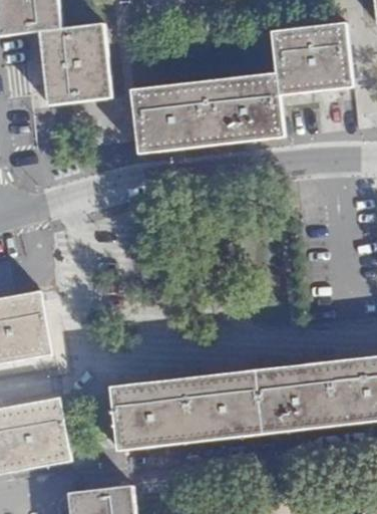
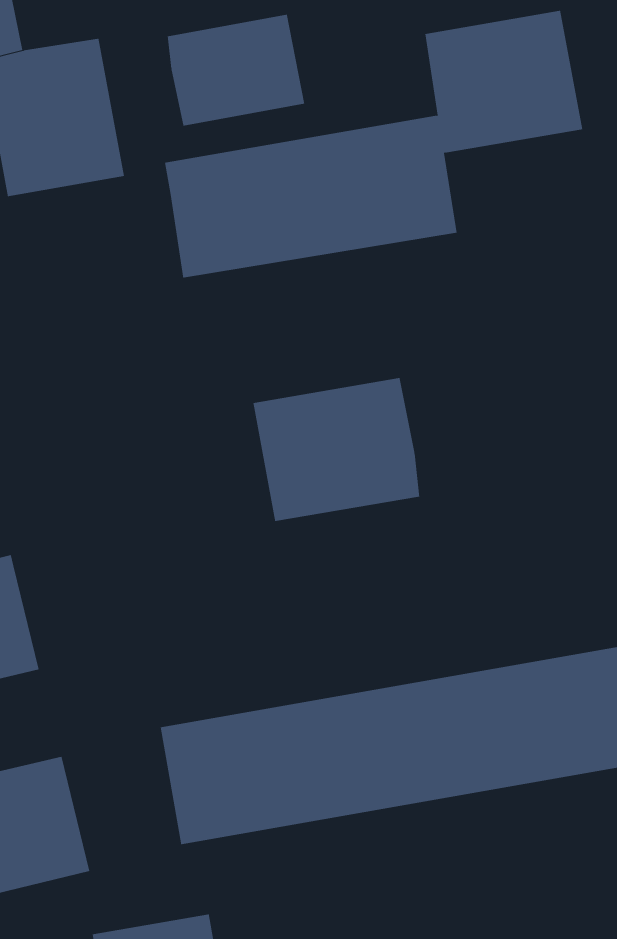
building: none -> [167,14,305,127]
building: none -> [253,377,420,522]

